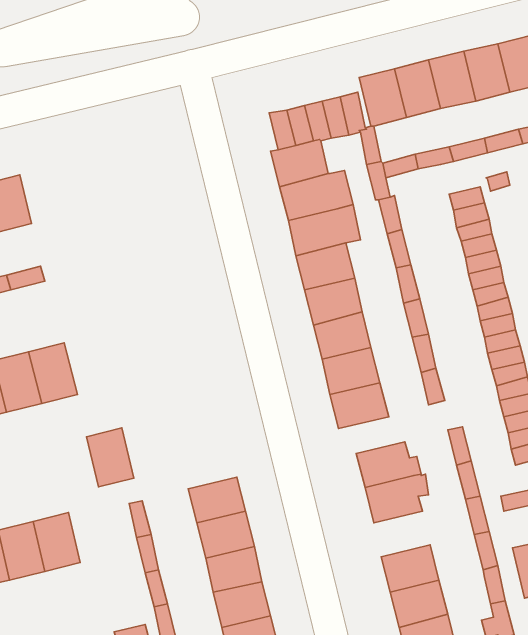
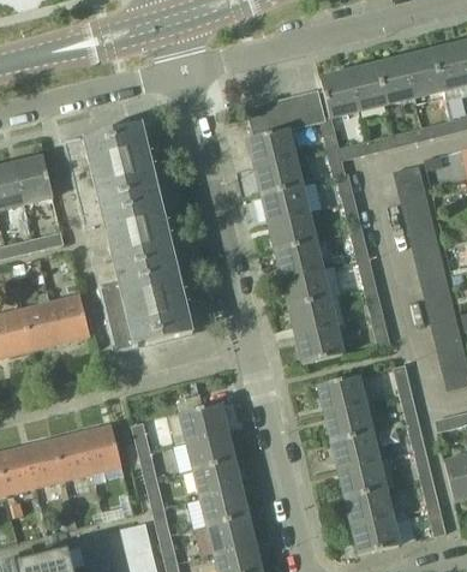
building: none -> [62,123,192,351]
building: [87,428,134,487] -> [83,424,121,472]
building: none -> [331,430,377,467]

